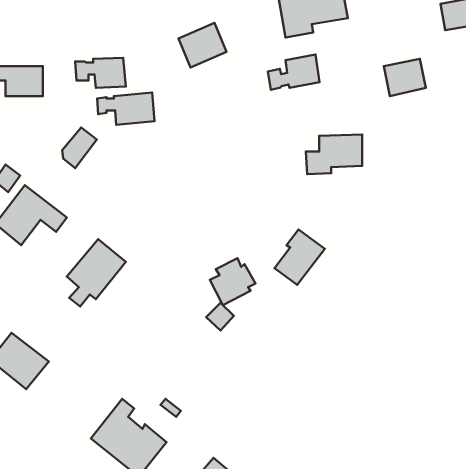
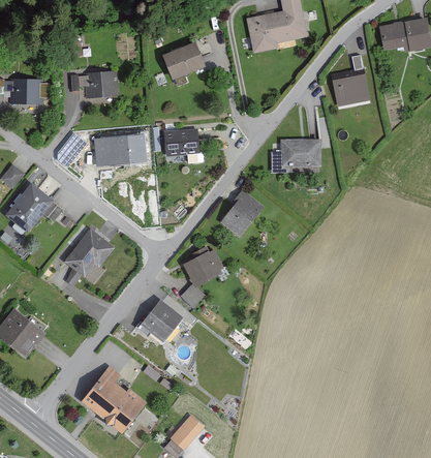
building: [268,55,319,90] -> none
building: [97,92,155,125] -> [96,136,146,164]
building: none -> [162,128,197,157]
building: [275,230,325,285] -> [219,188,263,236]
building: none -> [144,300,185,342]

